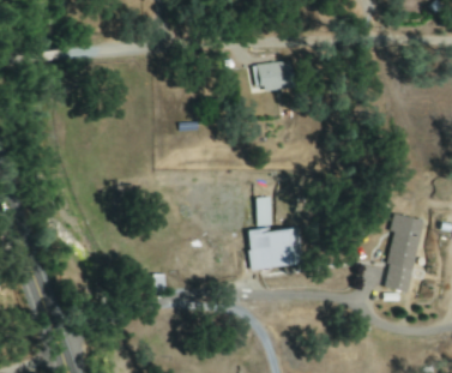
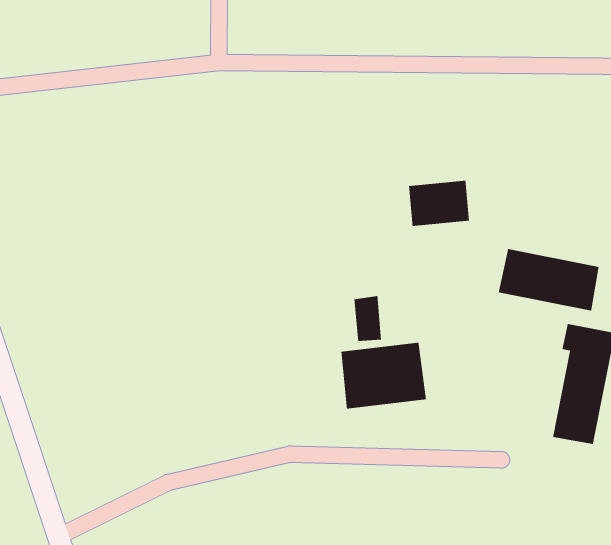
building: [254,60,294,90] -> [408,180,470,227]
building: none -> [498,248,599,312]

